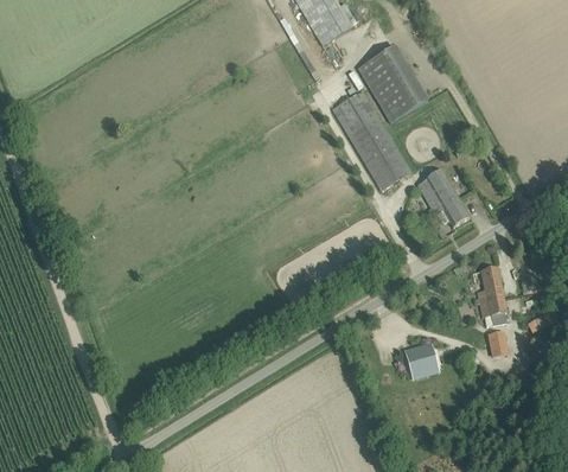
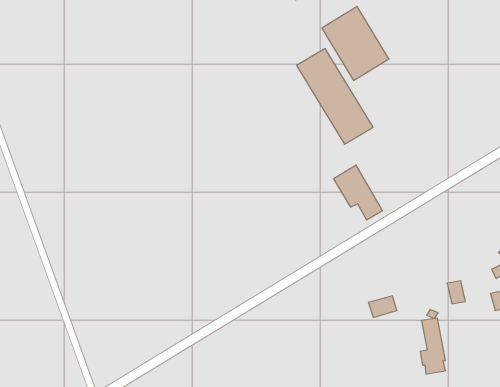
building: [417,168,468,225] -> [333,165,382,220]
building: [479,267,505,325] -> [420,318,445,374]

